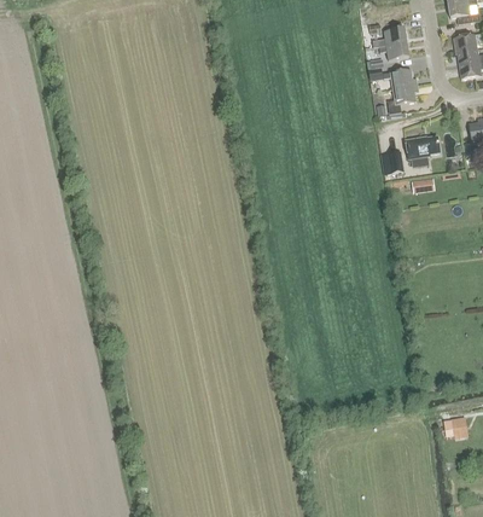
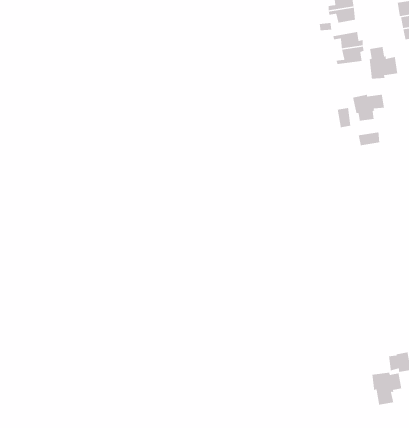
building: none -> [369,46,398,80]
building: none -> [372,372,402,406]

